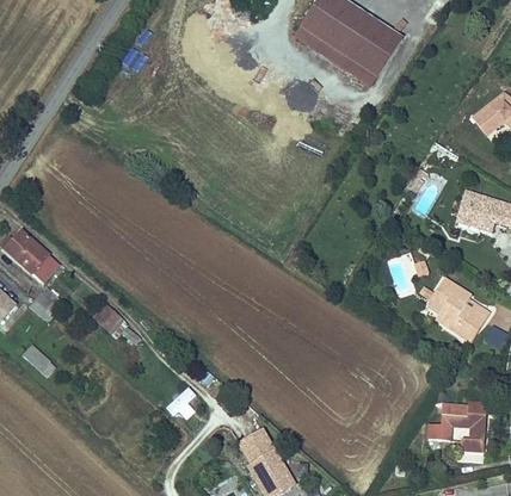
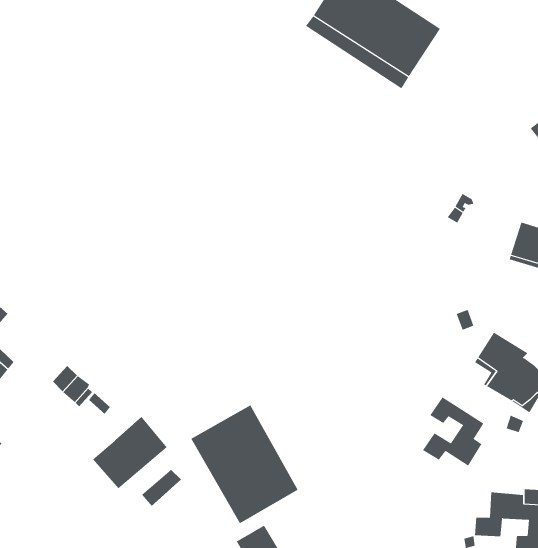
building: none -> [422,397,484,467]
building: none -> [190,404,298,524]
building: none -> [92,416,167,489]

